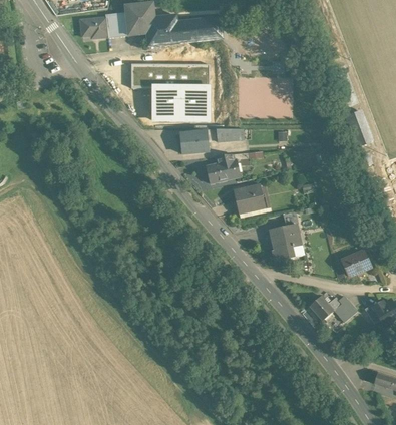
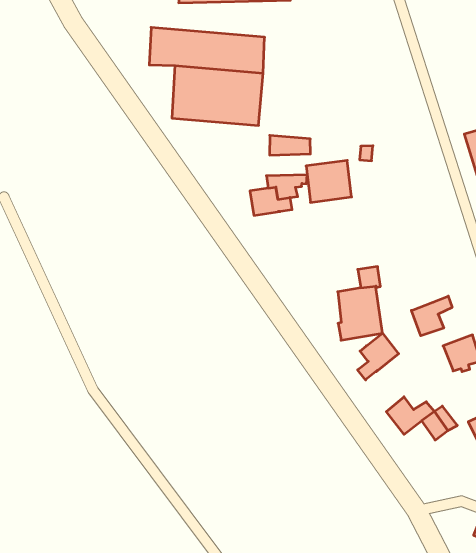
building: [179,131,209,152] -> none
building: [233,183,265,214] -> [306,160,352,202]
building: none -> [411,296,452,336]
building: none -> [358,333,399,380]

